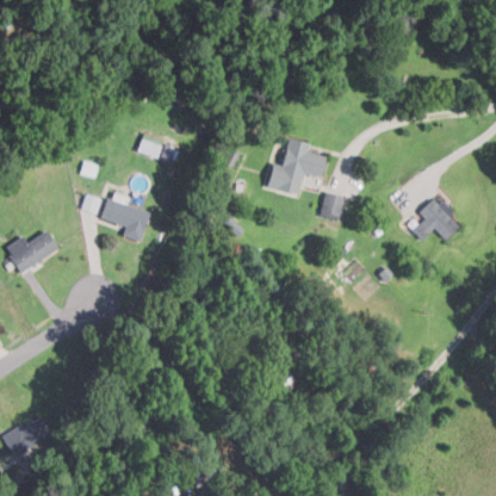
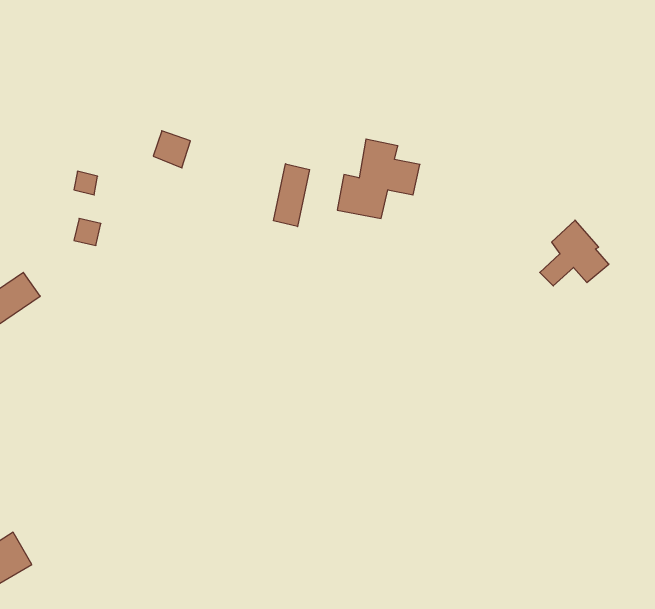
building: none -> [274,164,310,227]
building: [318,192,345,221] -> none
building: [100,199,149,243] -> none

